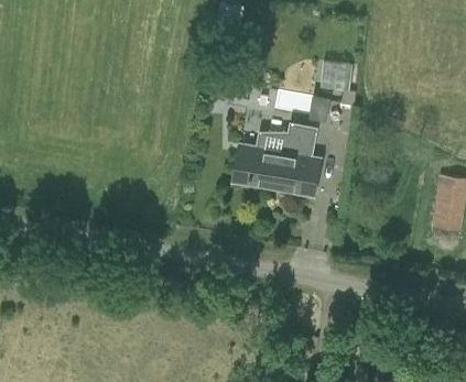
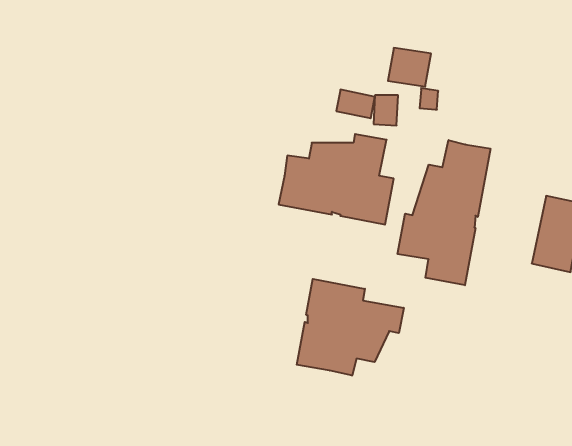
building: none -> [398,140,490,285]
building: none -> [297,279,404,376]

